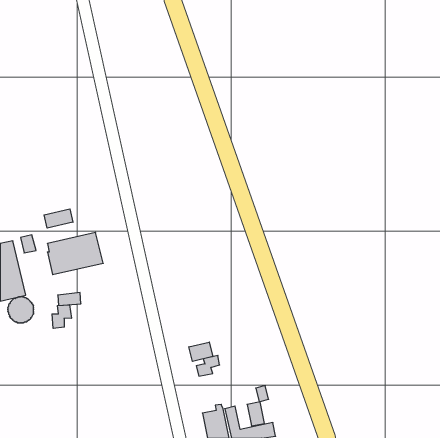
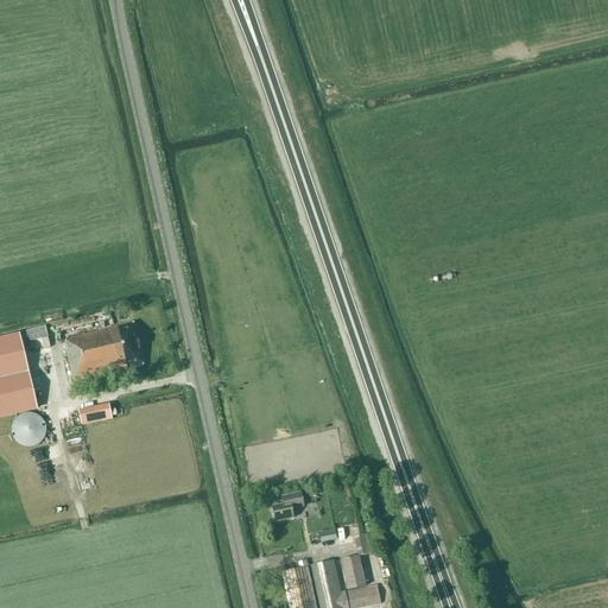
building: [44,209,73,228] -> none
building: [52,305,71,328] -> none
building: [189,342,213,361] -> none

